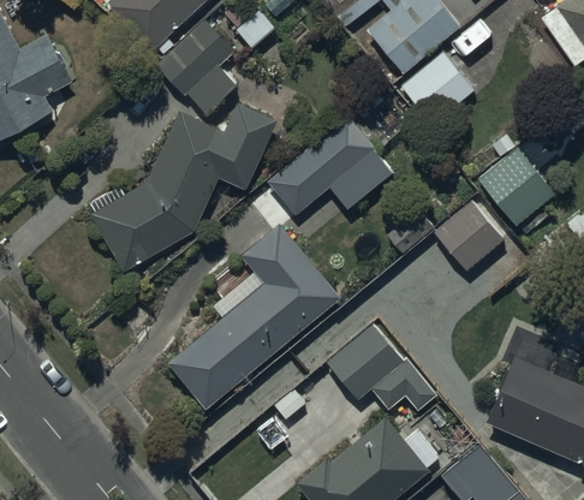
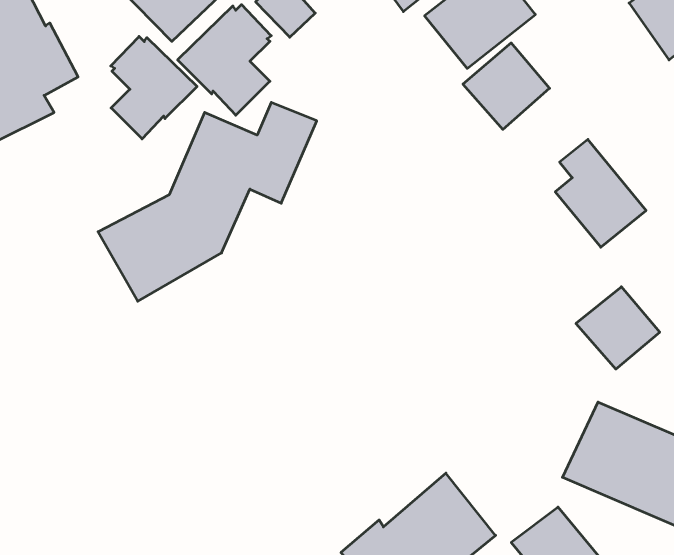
building: none -> [111,36,197,139]
building: [266,119,391,218] -> none
building: [433,202,503,272] -> [576,287,660,369]
building: [168,224,340,406] -> none
building: [327,325,433,411] -> none

